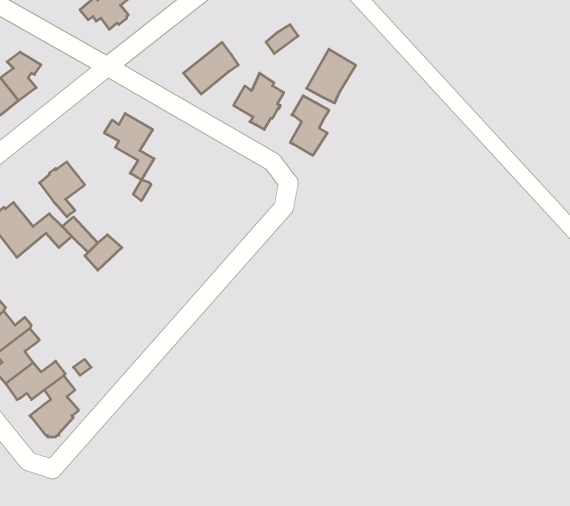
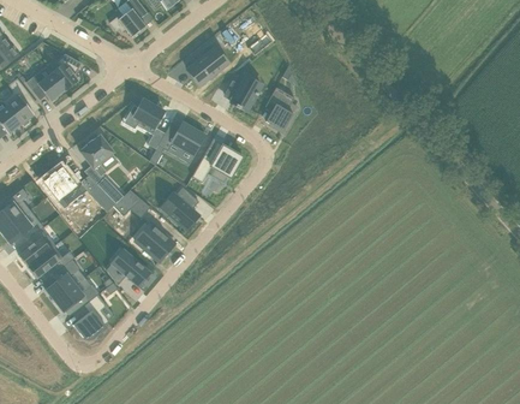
building: [306,49,356,103] -> none
building: none -> [157,121,205,156]
building: none -> [191,143,243,183]
building: none -> [166,189,198,230]
building: none -> [135,222,174,262]
building: none -> [106,254,150,286]

